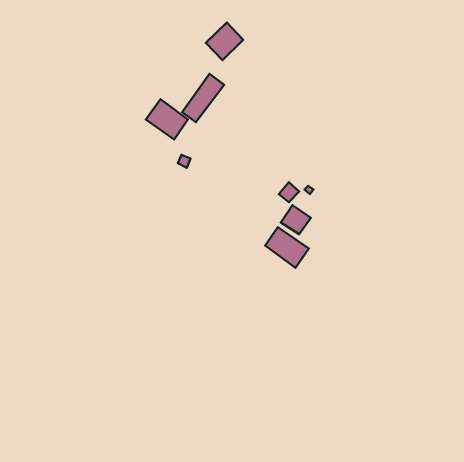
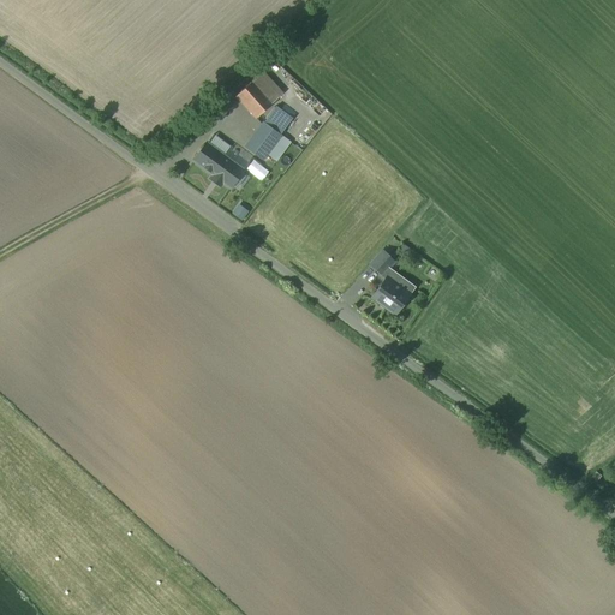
building: [206,23,243,60] -> [235,67,285,117]
building: [265,227,309,268] -> none

